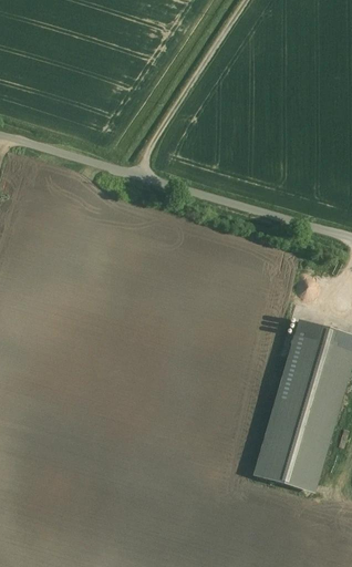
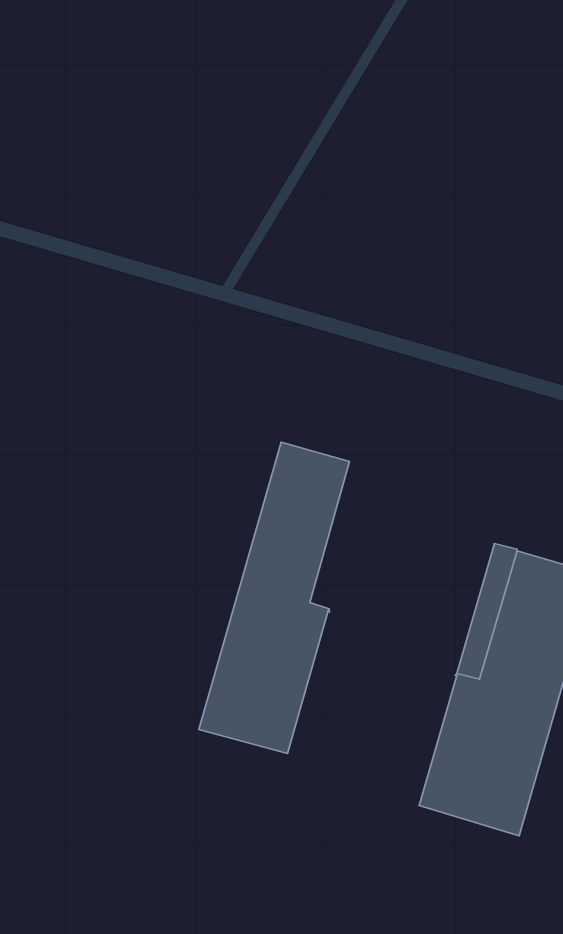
building: none -> [199,442,350,753]

